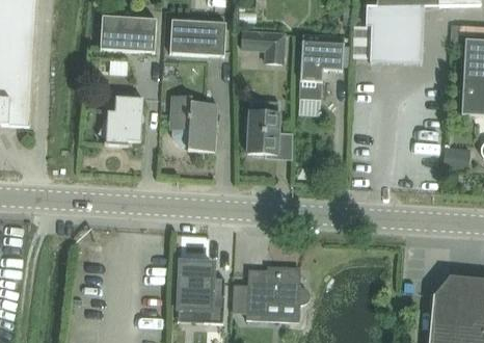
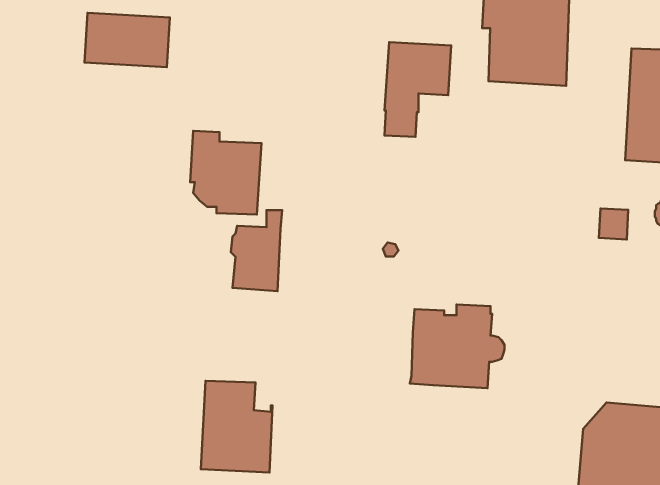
building: [169,20,226,56] -> none
building: [241,32,284,63] -> none
building: [98,97,142,146] -> none
building: [245,101,279,155] -> [231,210,282,291]
building: [245,266,308,322] -> [410,304,505,388]

